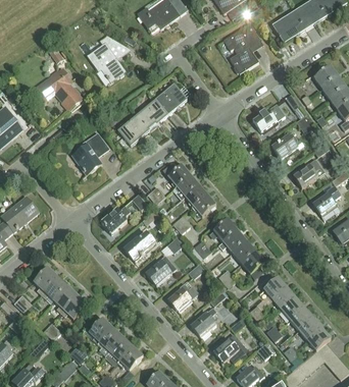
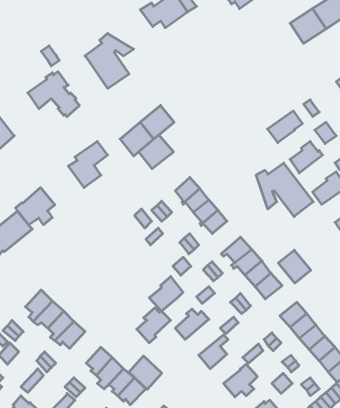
building: [223,21,260,72] -> none
building: [155,82,187,113] -> [138,135,173,169]
building: none -> [256,163,313,217]
building: none -> [16,188,55,225]
building: [100,204,130,232] -> none
building: [123,228,154,260] -> [137,308,171,343]
building: none -> [278,250,311,283]
building: none -> [129,356,162,389]

